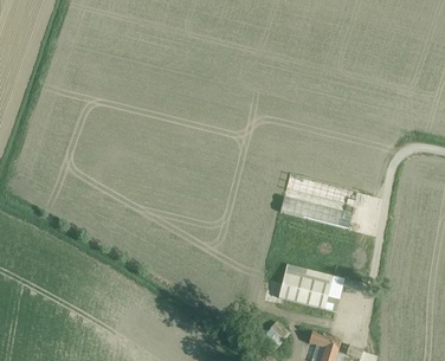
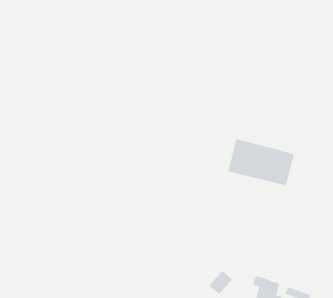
building: [278,264,333,309] -> none

